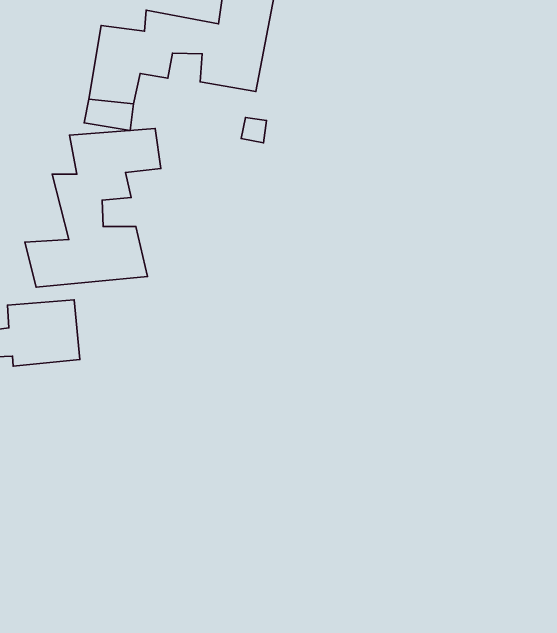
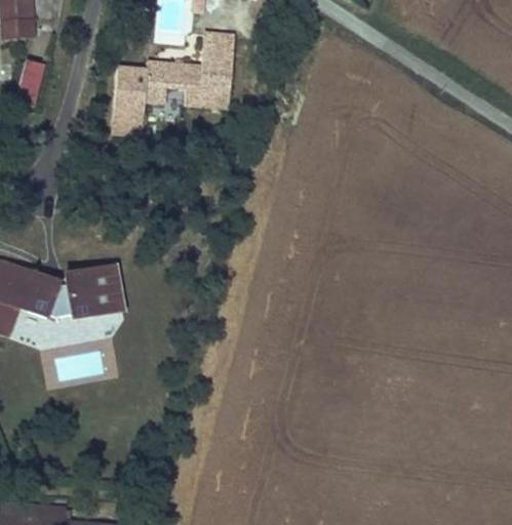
building: [25,128,161,287] -> none

